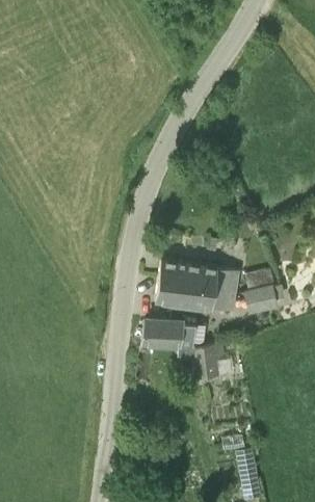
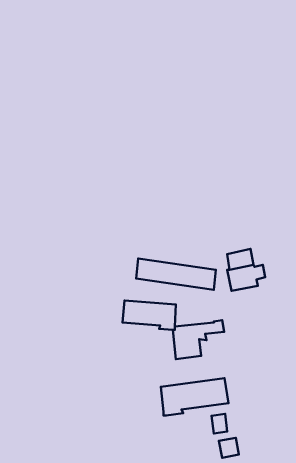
building: [158,261,237,292] -> none
building: none -> [161,378,228,415]

